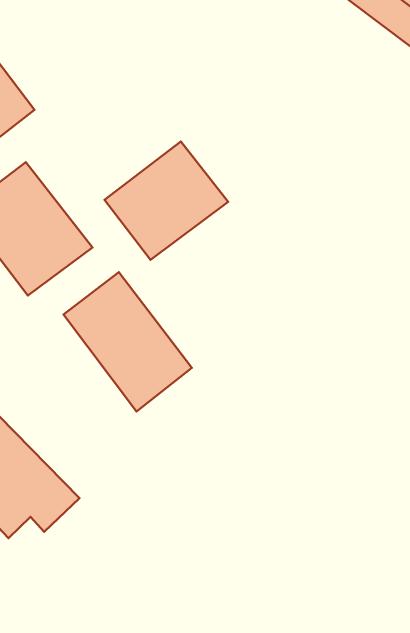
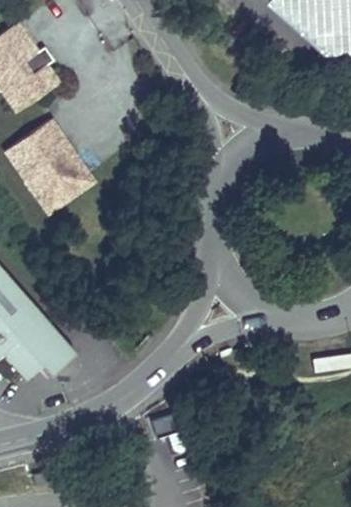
building: [105,142,228,260] -> none
building: [64,272,192,412] -> none

